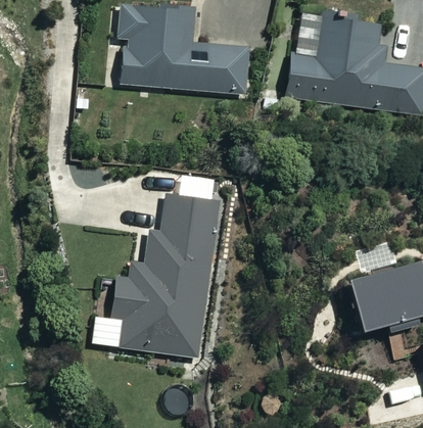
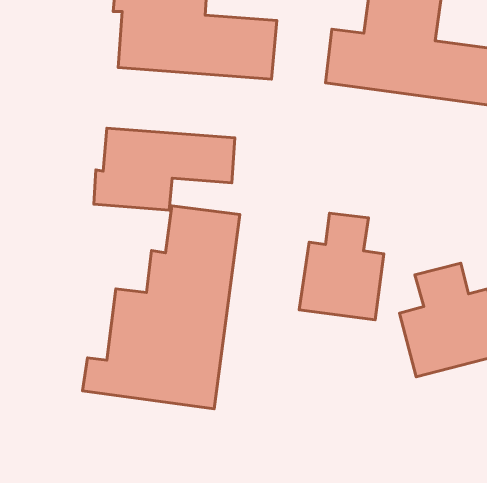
building: none -> [94,128,235,210]
building: none -> [299,213,384,320]

